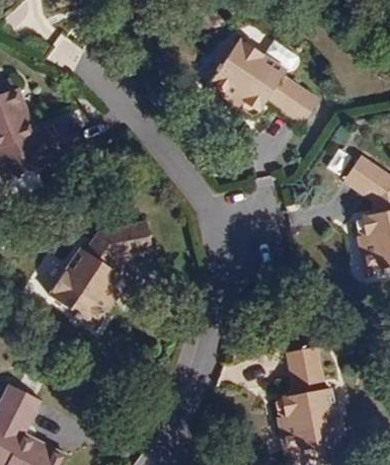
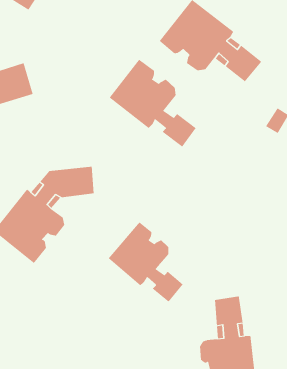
building: none -> [109,59,196,147]
building: none -> [108,222,184,303]

